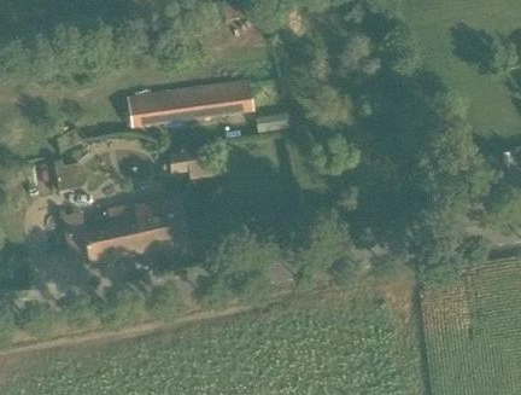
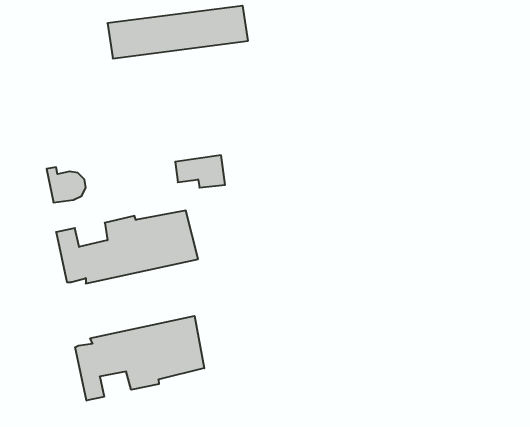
building: [128,80,253,127] -> [107,6,248,58]
building: none -> [75,316,204,401]

